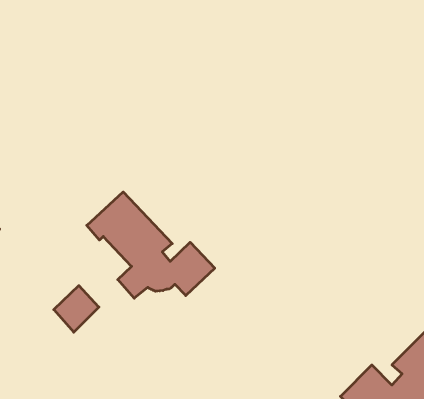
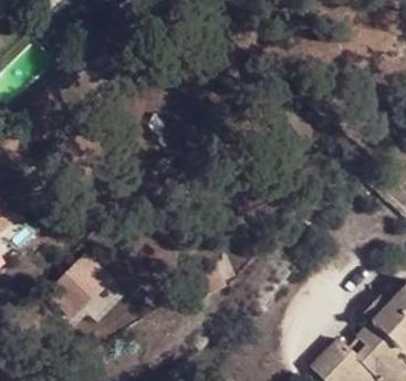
building: [87,192,215,298] -> none

